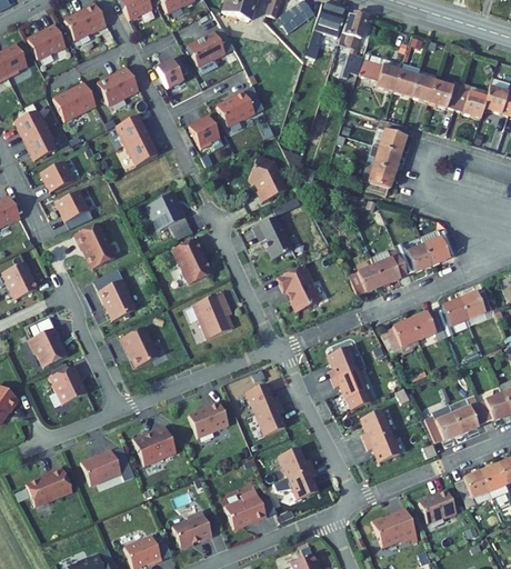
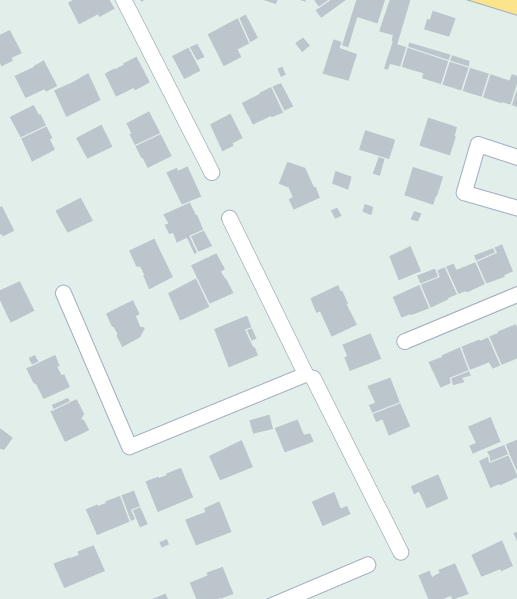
building: [27,22,66,57] -> [14,59,58,99]
building: none -> [423,10,456,37]
building: none -> [322,38,358,82]
building: [367,144,400,171] -> [358,129,396,160]
building: [40,161,73,192] -> [75,124,113,159]
building: none -> [165,166,202,205]
building: [252,216,292,260] -> none
building: [74,223,114,269] -> [128,238,174,290]
building: none -> [388,245,422,281]
building: none -> [167,278,210,322]
building: none -> [342,333,382,372]
building: [120,327,158,367] -> none
building: [254,403,284,436] -> none
building: [360,409,390,442] -> [467,416,501,454]
building: [288,467,317,499] -> none
building: [24,468,71,507] -> [52,544,106,589]
building: [223,489,265,529] -> [184,501,232,546]

